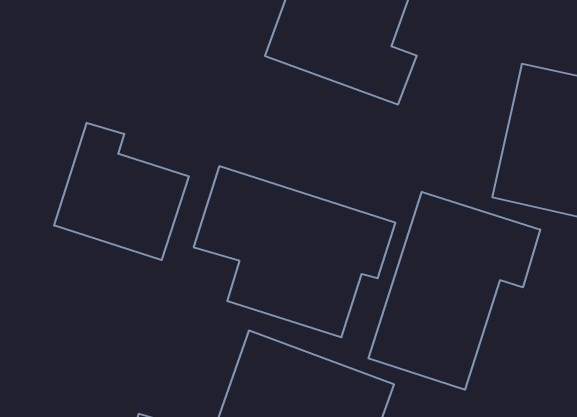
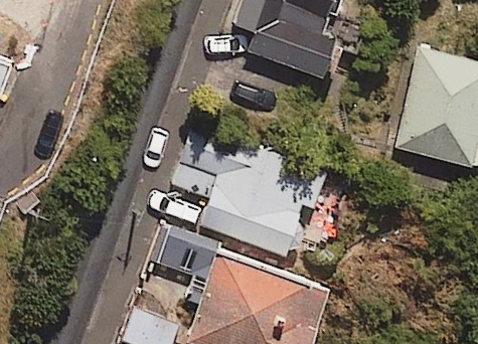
building: [54,123,189,260] -> none
building: [368,192,540,390] -> none

